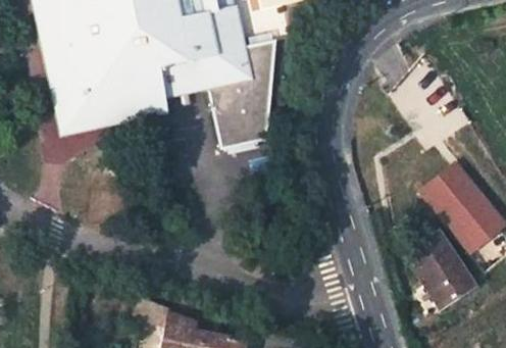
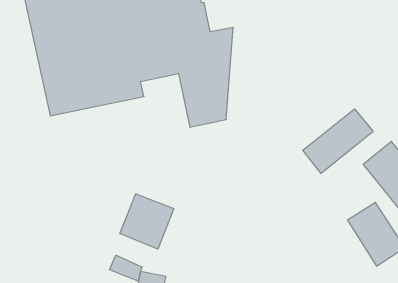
building: none -> [303,109,373,174]
building: none -> [120,194,174,249]

